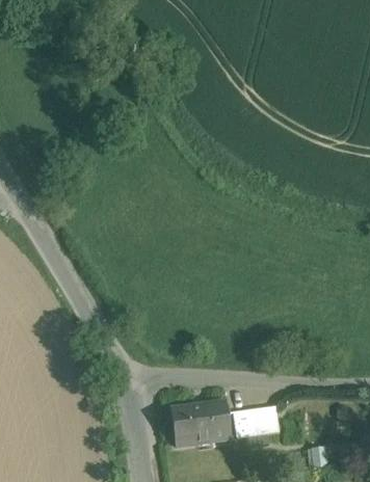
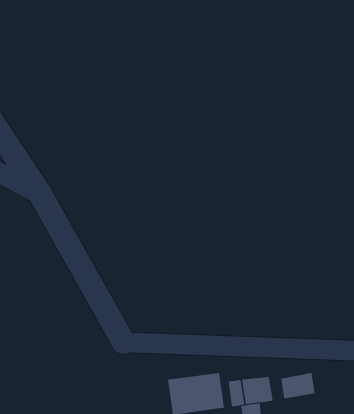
building: none -> [281,372,315,399]

